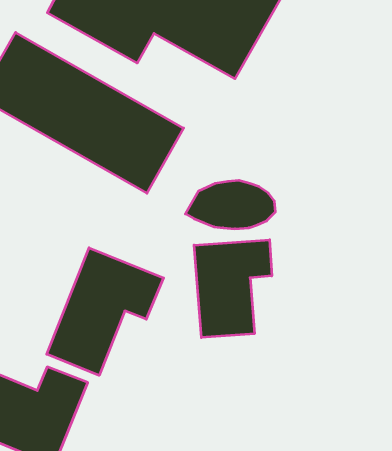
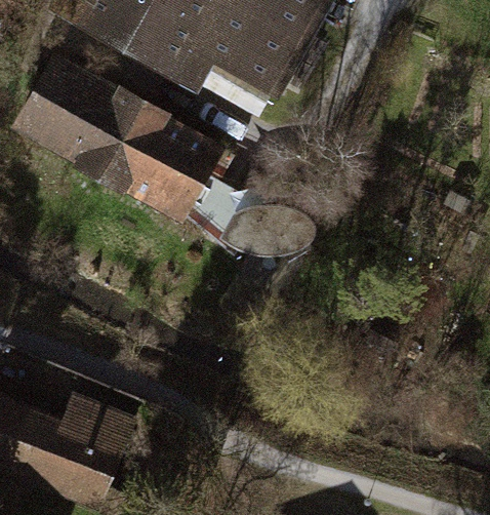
building: [194,240,272,338] -> none
building: [47,248,164,375] -> none

